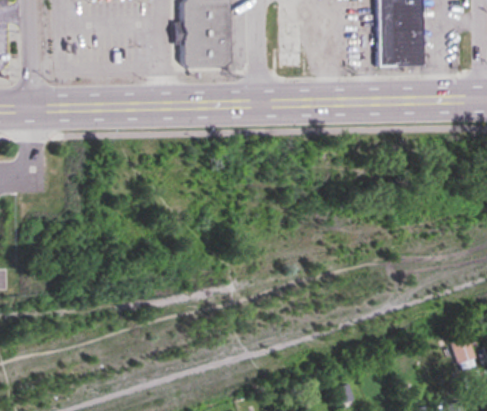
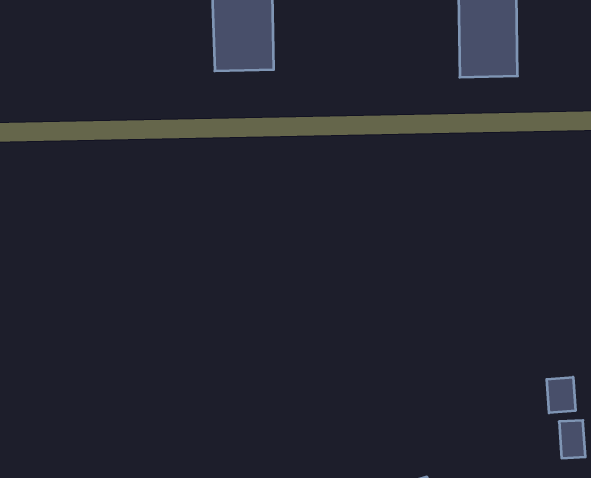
building: none -> [547,377,575,413]

